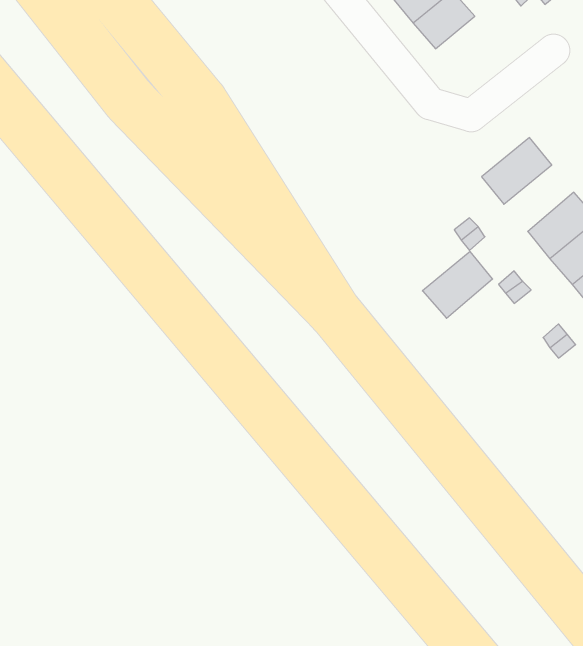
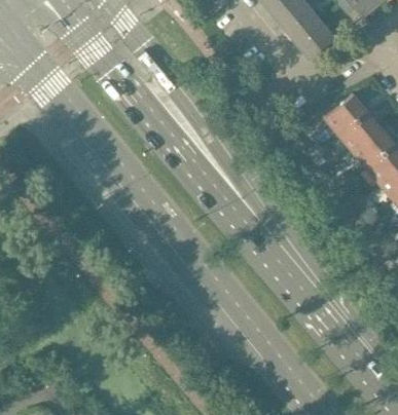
building: none -> [297,23,334,60]
building: [422,252,493,318] -> [338,112,381,152]

